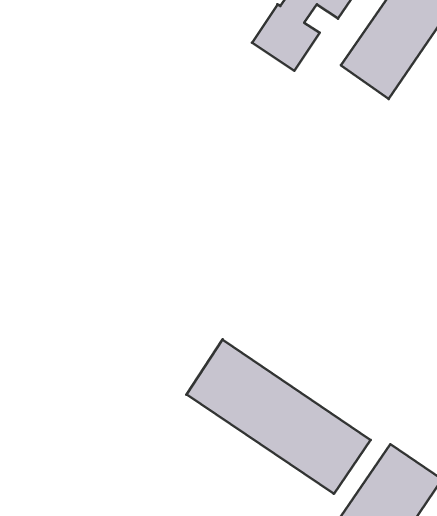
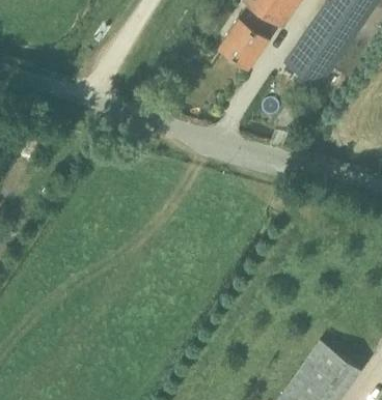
building: [186,339,371,494] -> none

